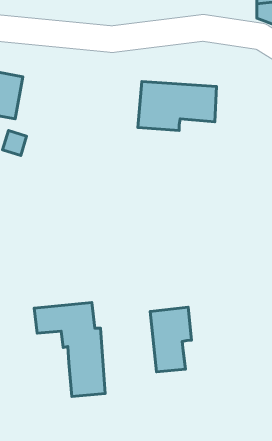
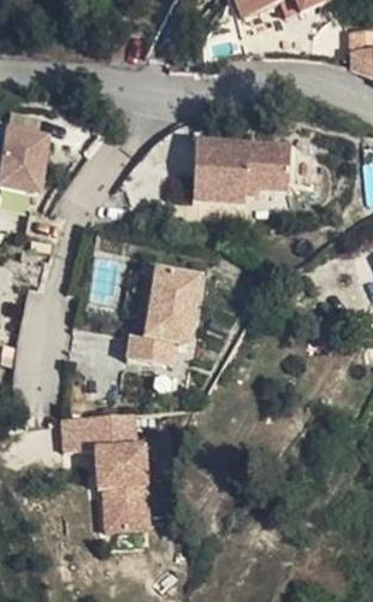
building: none -> [125,270,197,362]
building: [150,307,192,372] -> none

